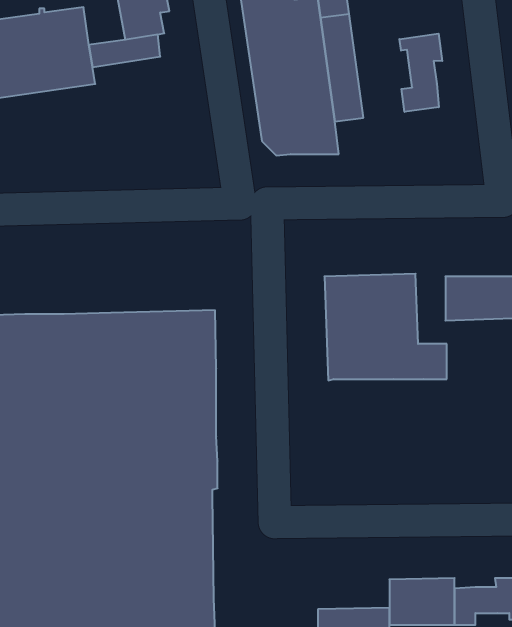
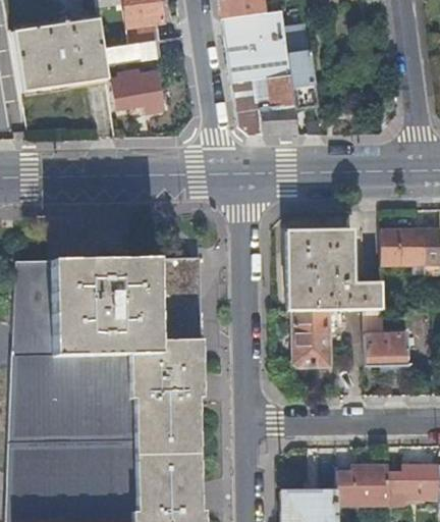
building: [399,34,442,112] -> none
building: none -> [110,70,161,111]
building: none -> [291,310,338,365]
building: none -> [362,333,406,365]

